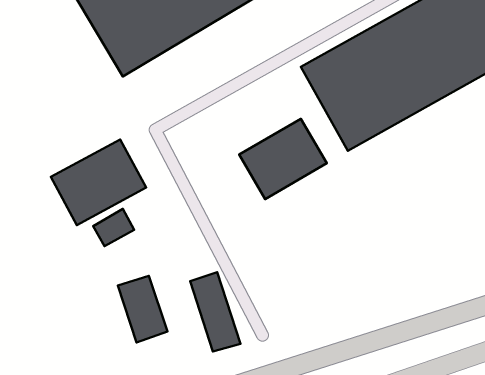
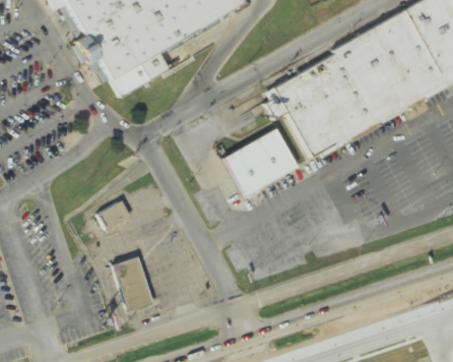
building: [51,139,146,225] -> none
building: [190,272,241,352] -> none

